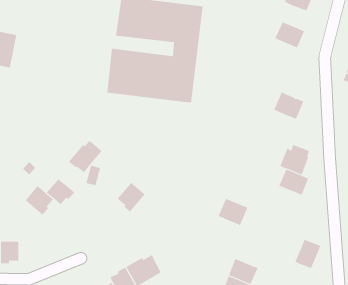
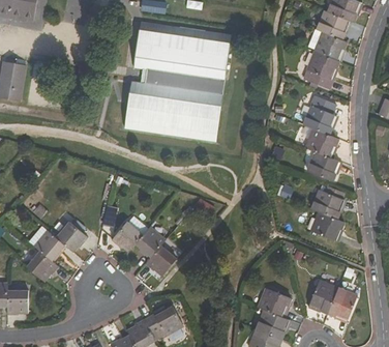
building: none -> [315,32,347,61]
building: none -> [303,95,336,134]
building: none -> [306,151,339,181]
building: [68,140,102,173] -> [111,215,148,252]
building: [218,198,248,226] -> [258,287,291,317]
building: none -> [145,244,177,274]
building: none -> [26,251,59,281]
building: none -> [308,280,338,313]

